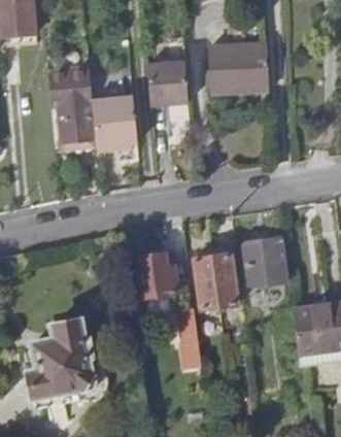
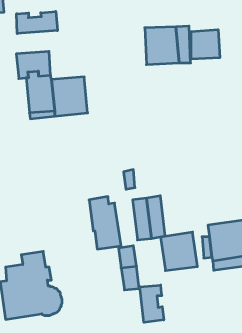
building: none -> [17,11,57,34]
building: none -> [191,30,220,59]
building: [147,61,189,105] -> none
building: [242,238,288,287] -> [161,232,197,271]
building: none -> [140,285,164,322]

